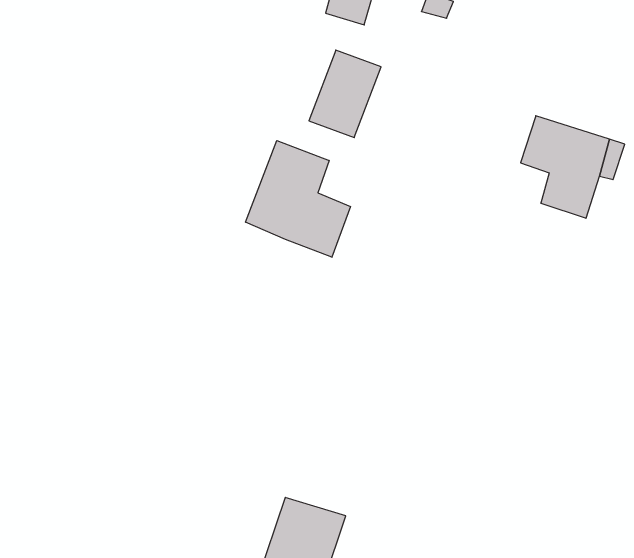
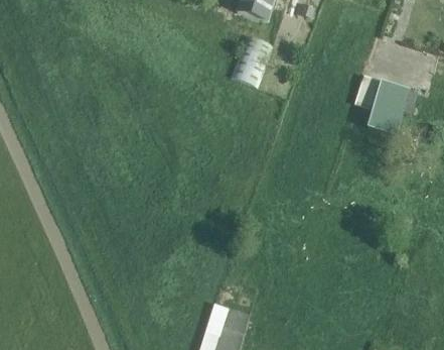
building: [246,141,350,257] -> none

